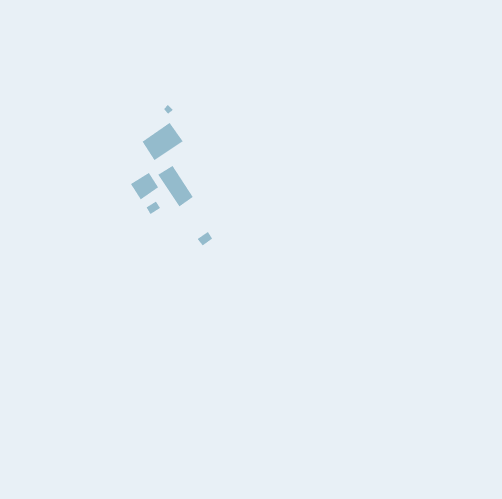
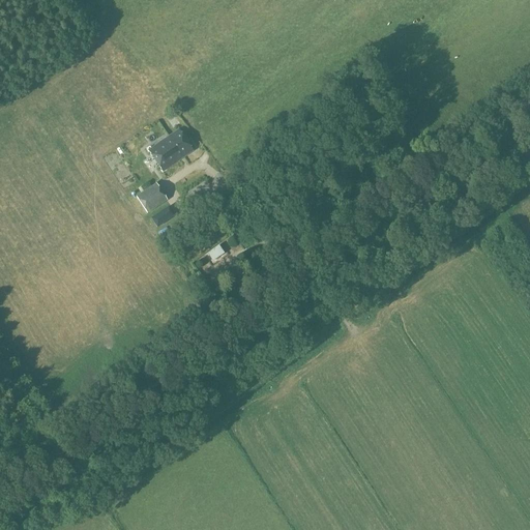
building: [157,165,194,207] -> none

